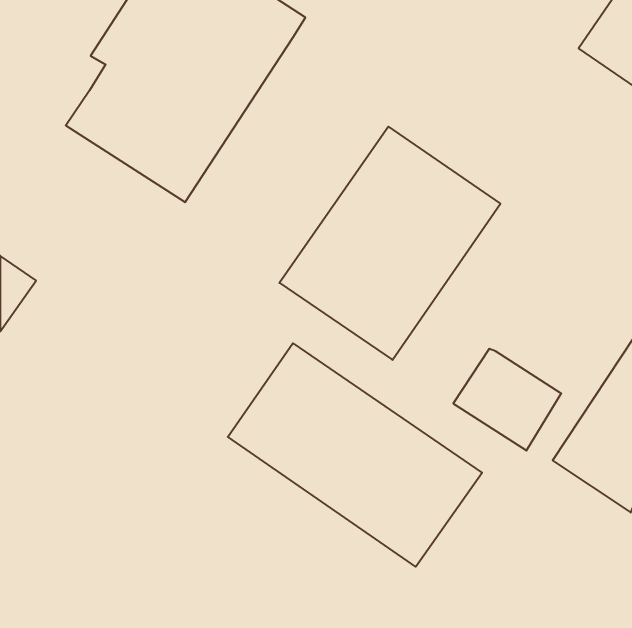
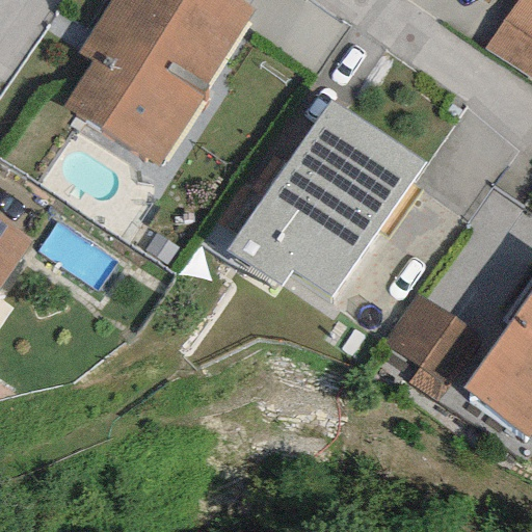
building: [228,343,482,567] -> none

